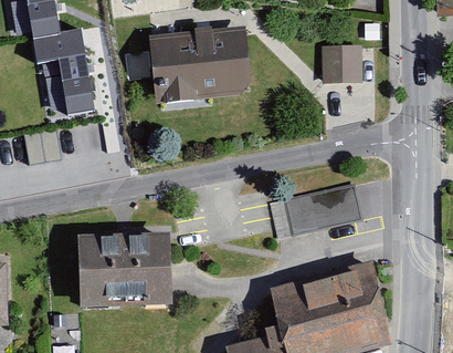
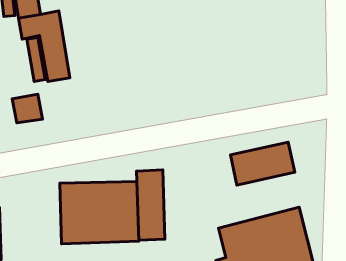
building: [147,23,249,101] -> none
building: [320,43,360,82] -> none
building: none -> [137,170,165,240]

